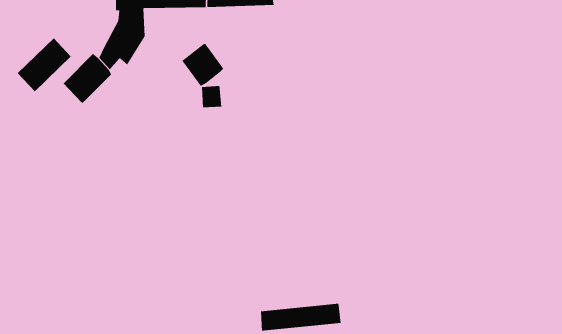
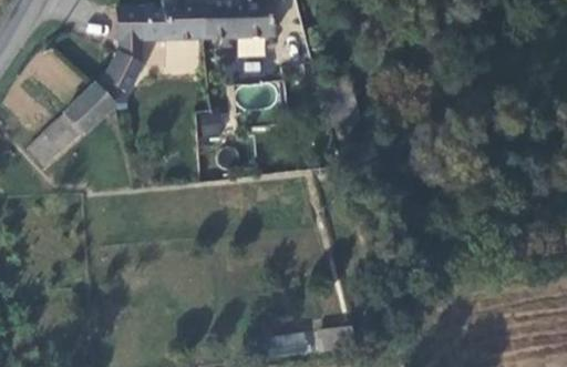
building: [17,37,71,92] -> [28,113,82,167]
building: [181,43,224,87] -> none

